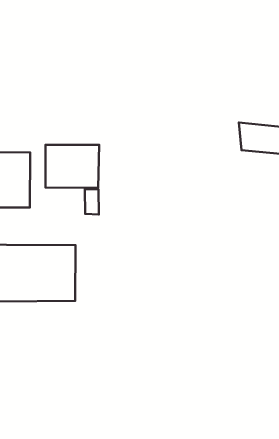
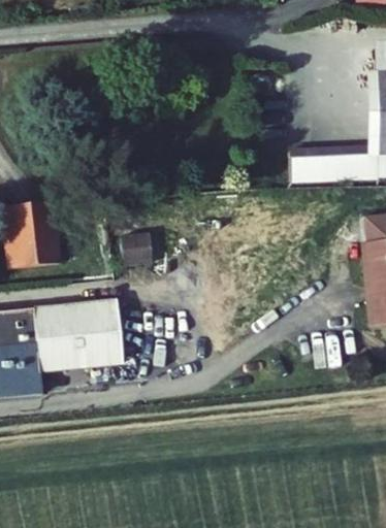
building: [45,145,99,188] -> none

